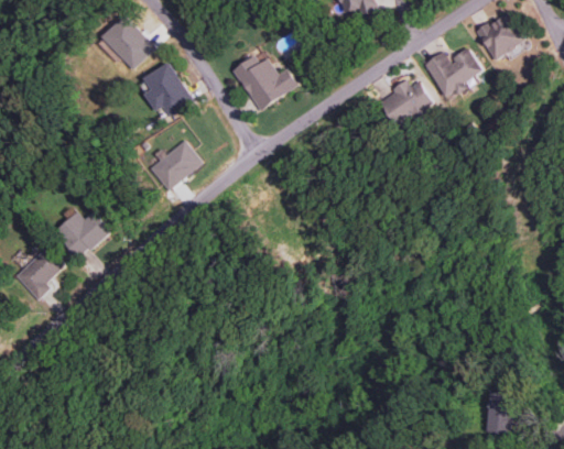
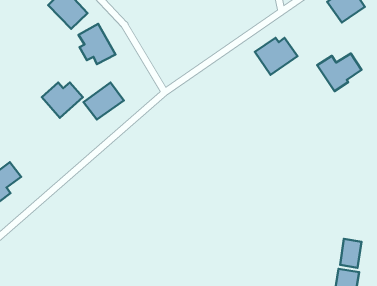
building: [424,48,484,99] -> [317,54,361,91]
building: [231,56,299,111] -> none
building: [55,211,110,259] -> [42,82,83,118]
building: none -> [340,239,362,268]

